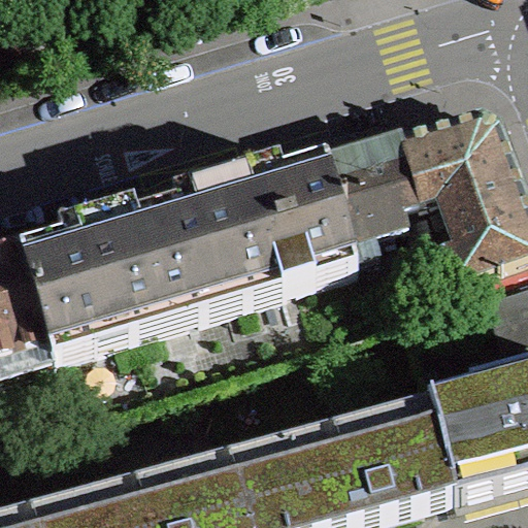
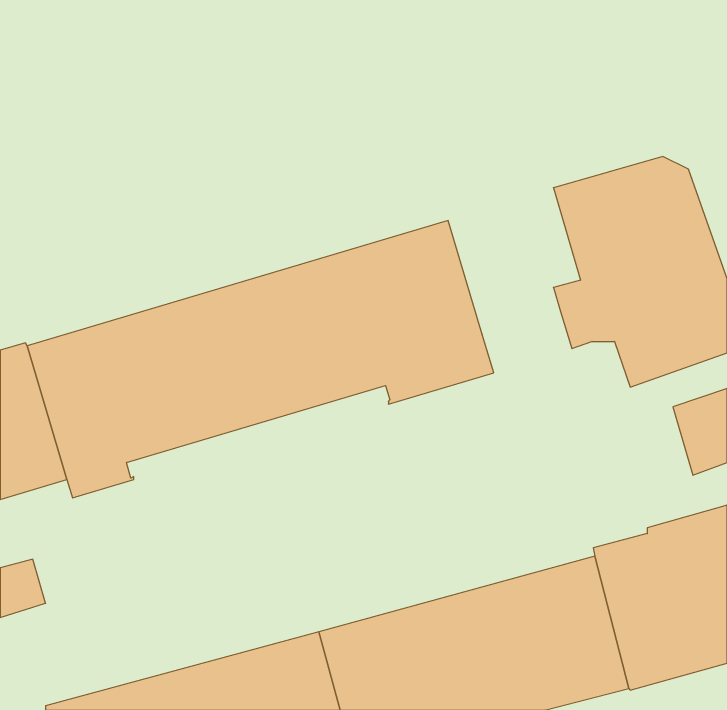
building: [325,136,421,242] -> none

